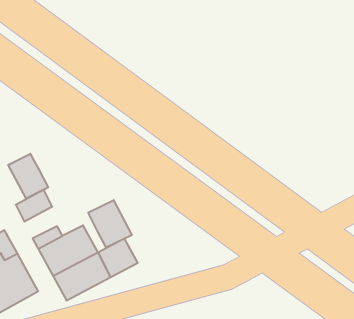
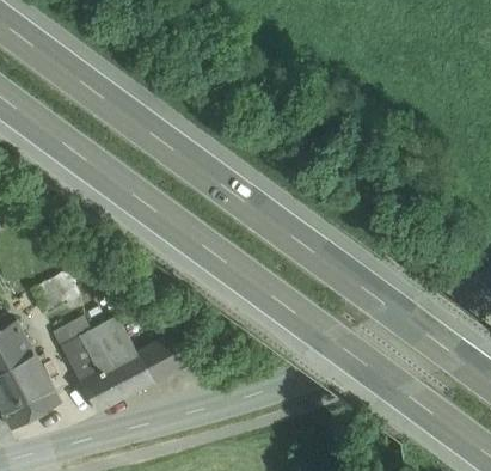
building: [8,154,48,199] -> none
building: [88,200,132,248] -> none

